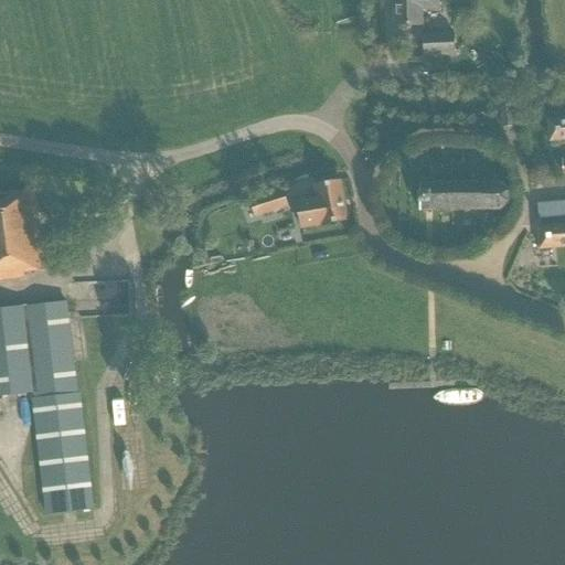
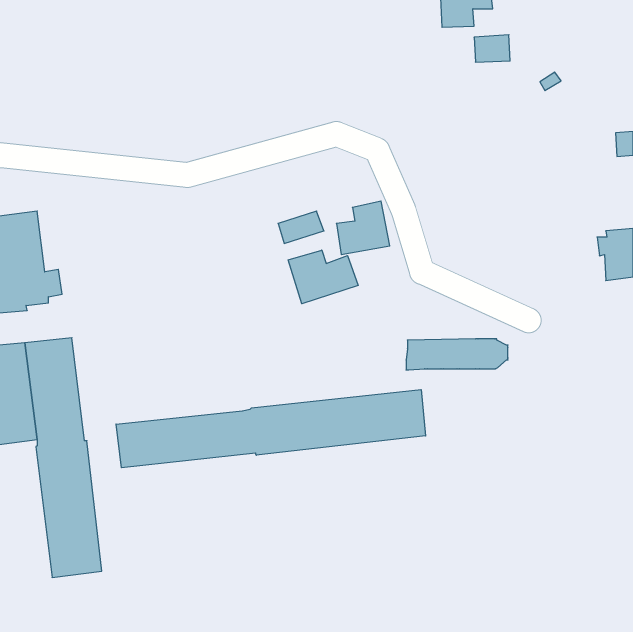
building: [418,182,509,210] -> [406,339,508,370]
building: none -> [288,250,358,304]
building: none -> [116,390,426,468]

